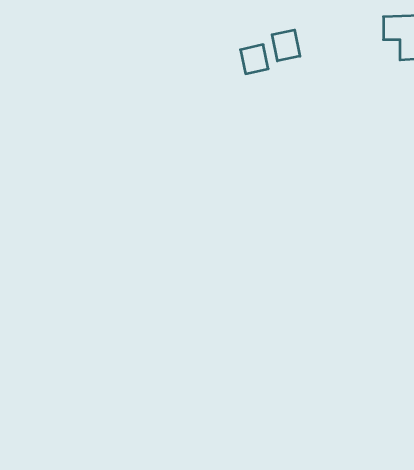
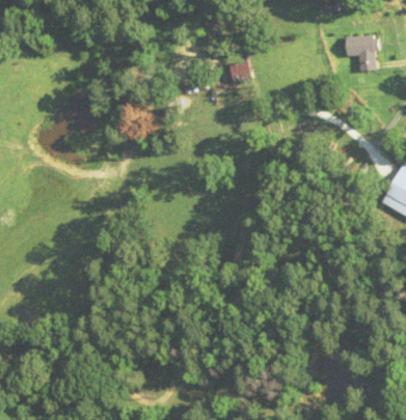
building: [272,30,300,61] -> none

